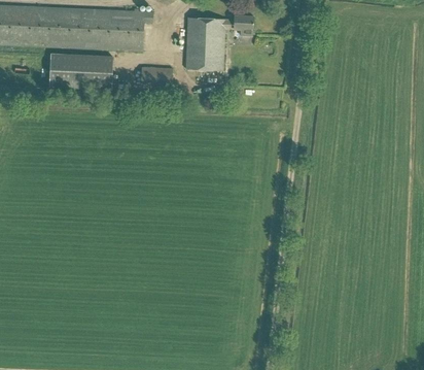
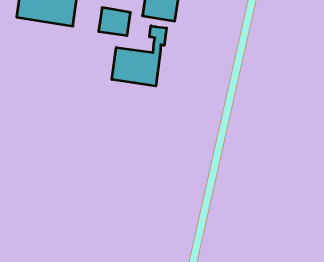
building: none -> [112,26,167,86]

